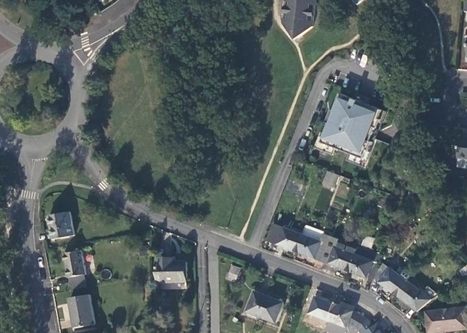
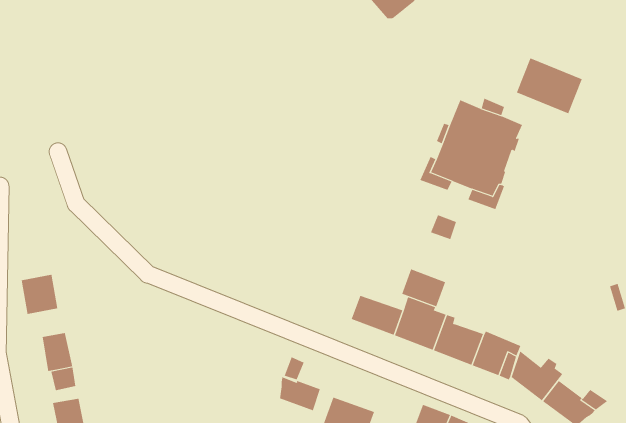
building: none -> [516,58,582,114]
building: none -> [401,269,446,307]
building: [154,256,183,281] -> none
building: none -> [279,376,321,411]

